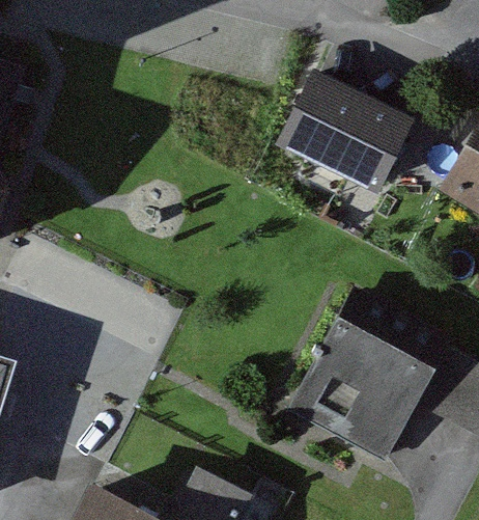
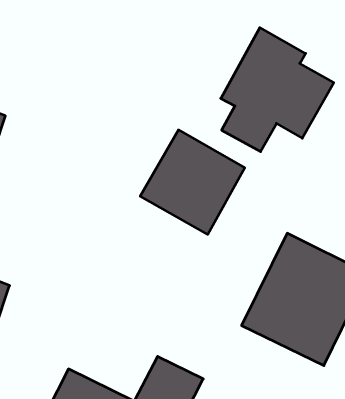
building: none -> [140,130,245,234]

